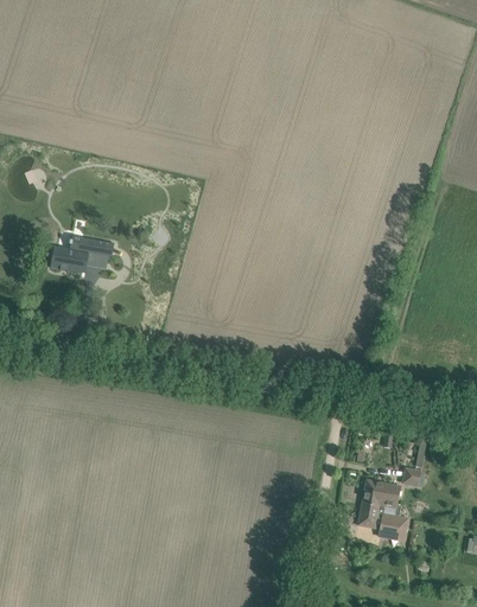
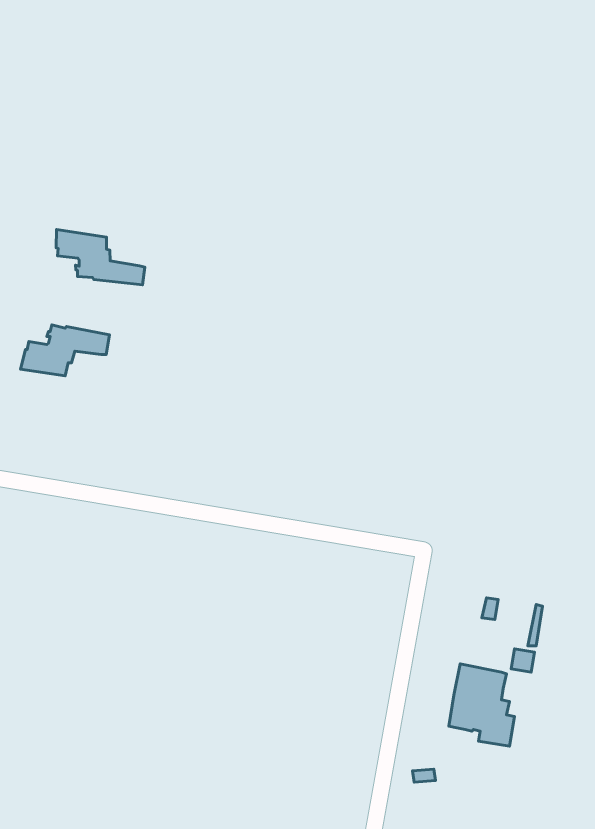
building: none -> [56,230,145,285]

